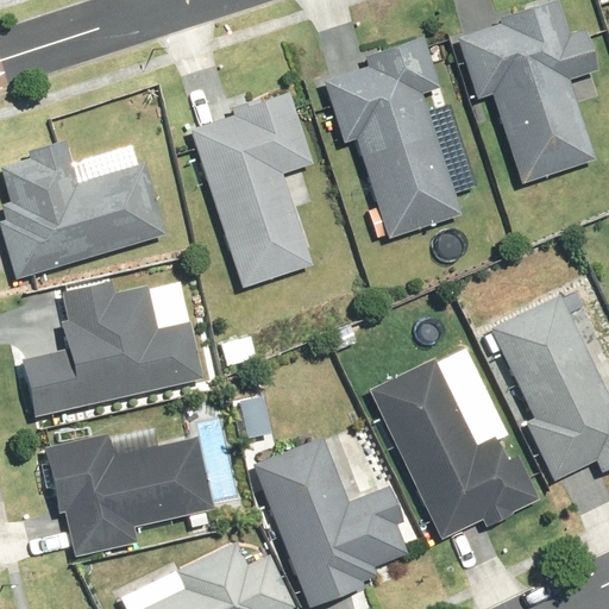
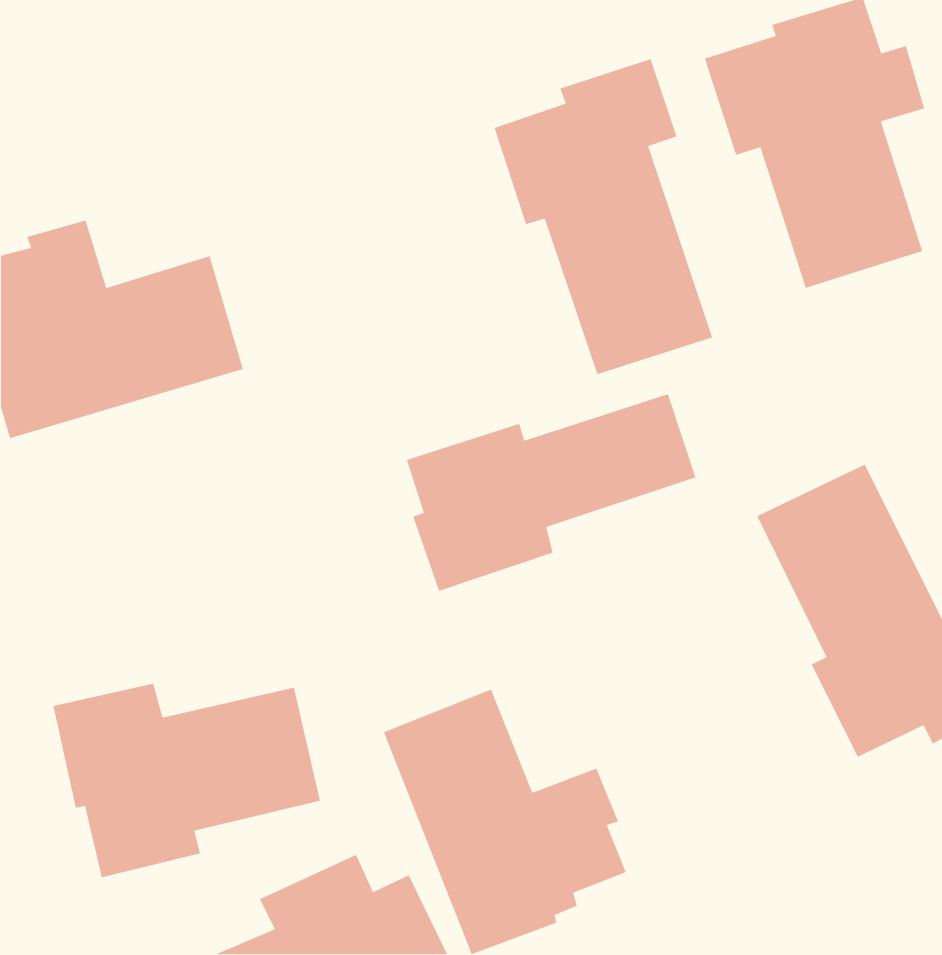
building: [190,92,313,288] -> none
building: none -> [406,393,697,592]
building: [20,281,203,416] -> none
building: [369,349,540,539] -> none

